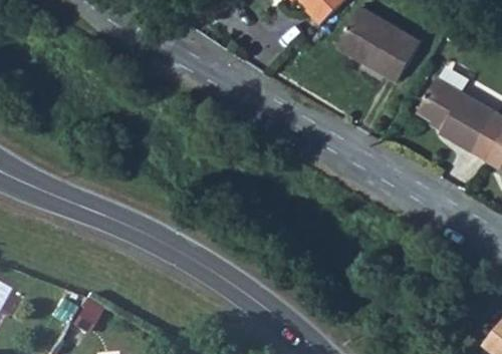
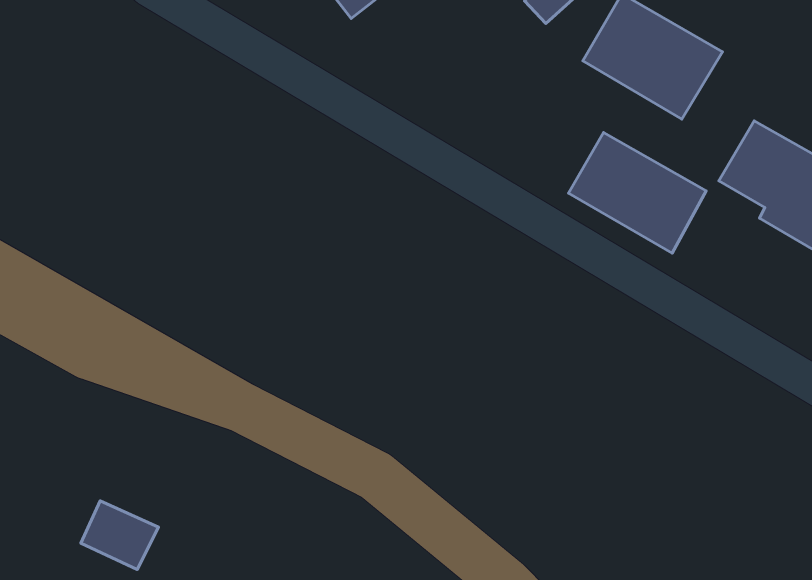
building: none -> [568,132,706,253]

